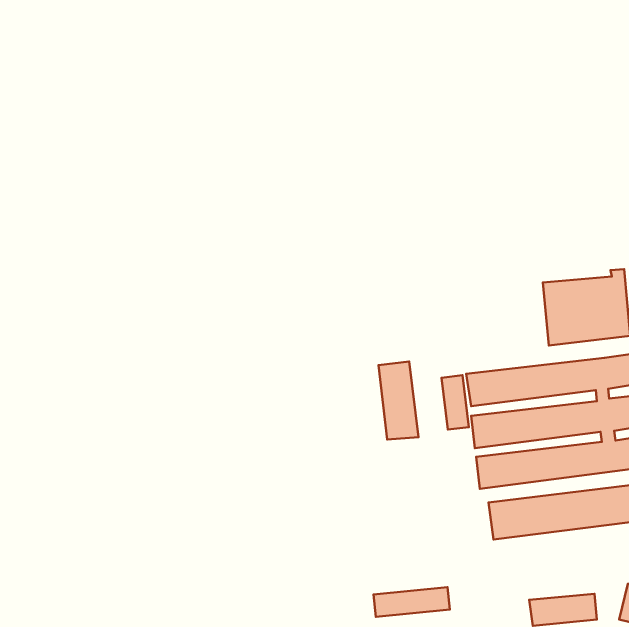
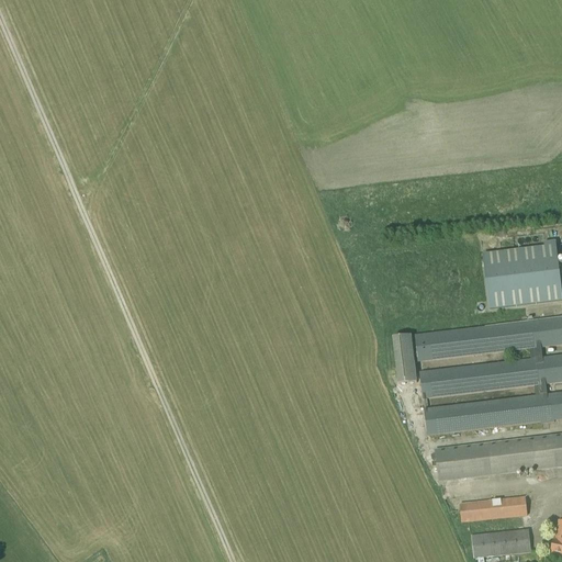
building: [378,361,418,439] -> none
building: [373,587,450,617] -> [461,495,529,521]

